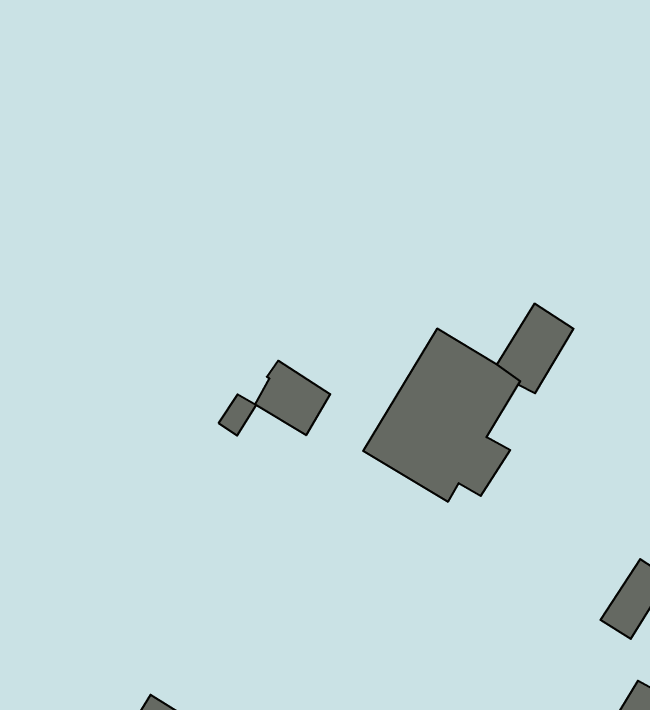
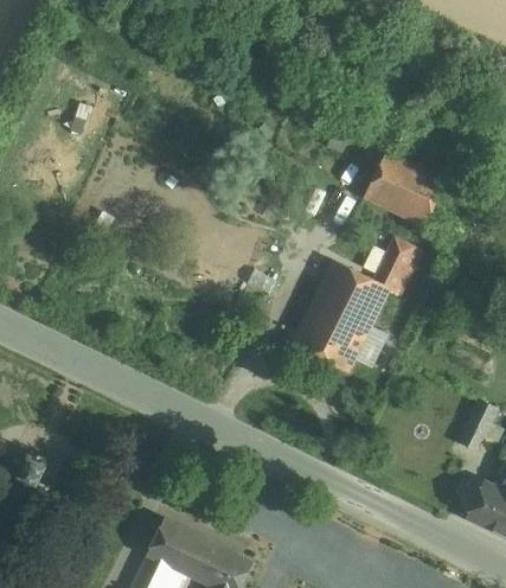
building: none -> [364,149,448,228]
building: [255,361,330,435] -> none

